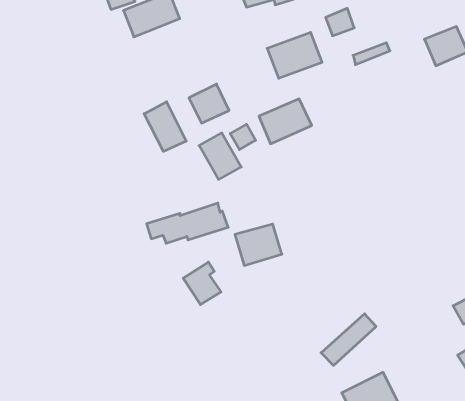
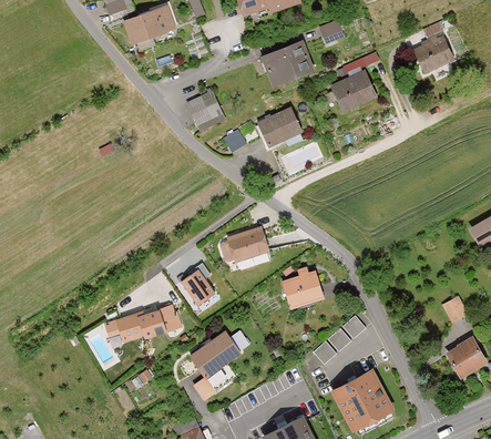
building: none -> [327,70,376,112]
building: [144,102,186,151] -> none
building: [199,133,241,179] -> none
building: [147,203,228,243] -> [103,304,182,343]
building: none -> [284,273,328,314]
building: none -> [187,330,242,380]

